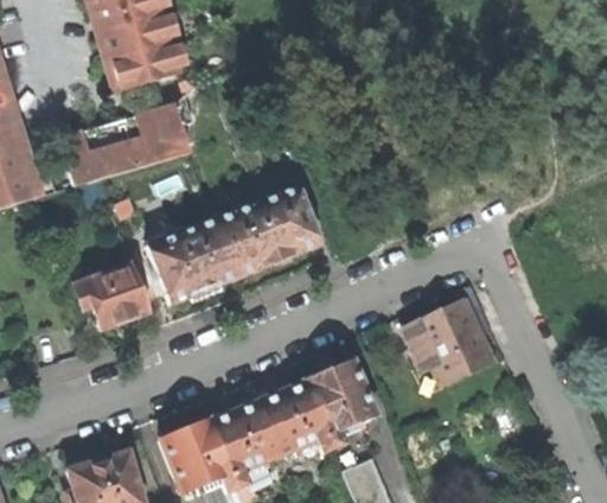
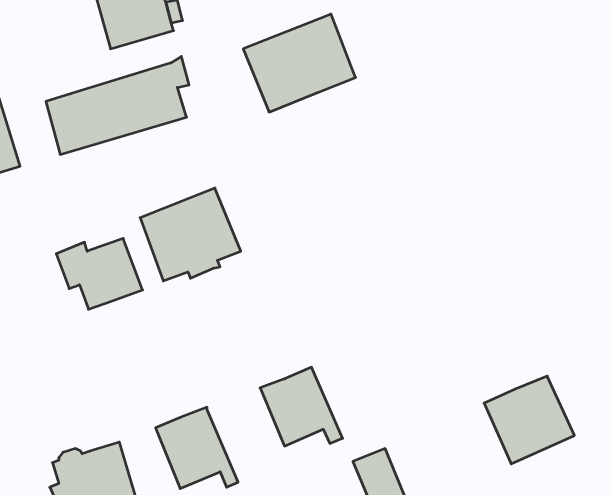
building: [216,184,319,274] -> [243,14,356,112]
building: [408,301,491,382] -> [484,376,574,464]
building: [305,357,377,446] -> none
building: [209,400,280,486] -> none

